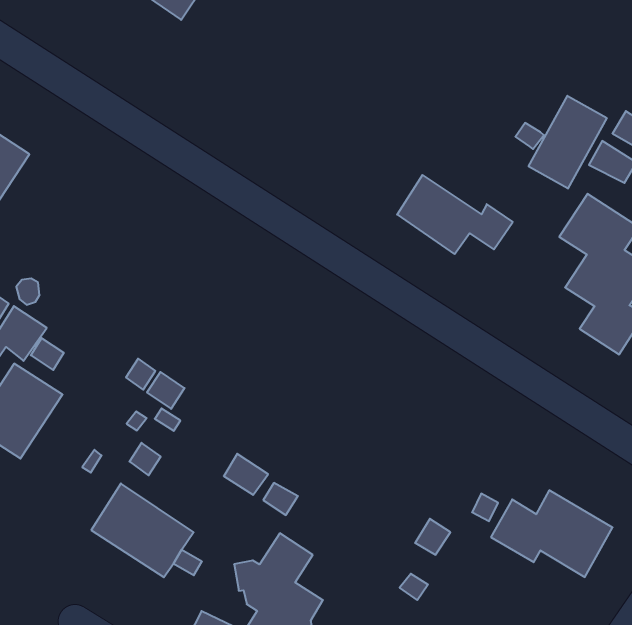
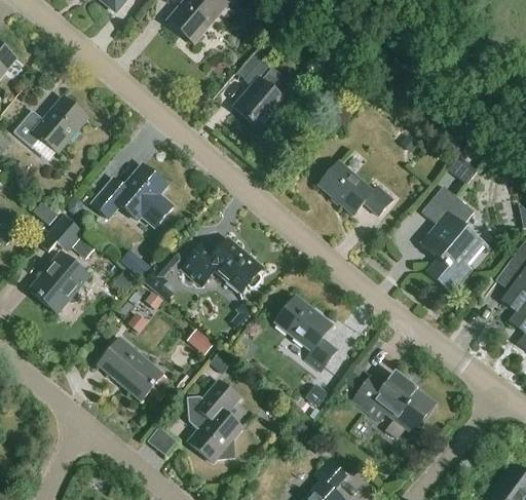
building: none -> [233,55,288,132]
building: [529,96,607,189] -> none
building: none -> [91,164,174,227]
building: none -> [181,238,262,293]
building: none -> [274,296,337,370]

